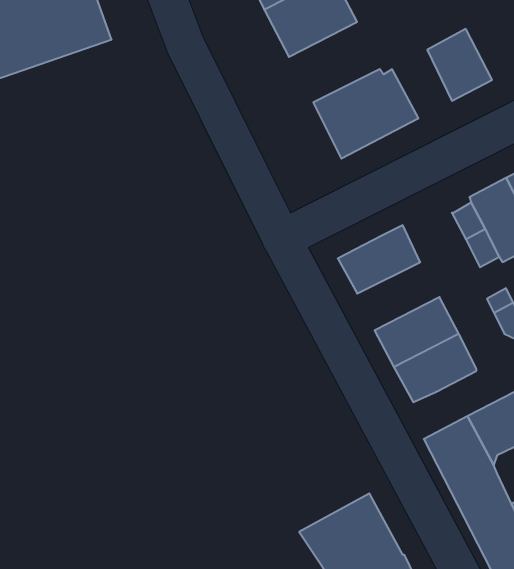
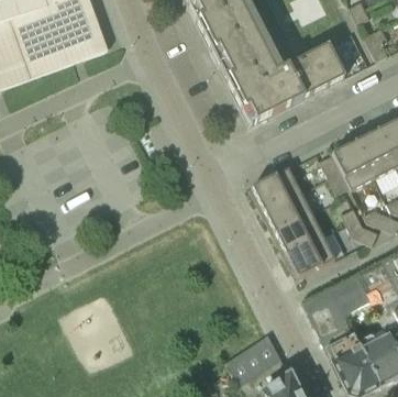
building: none -> [219,40,276,90]
building: none -> [284,57,321,100]
building: none -> [262,190,313,233]

